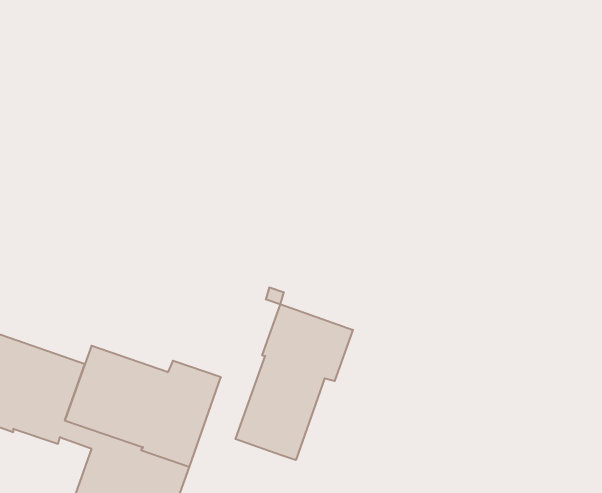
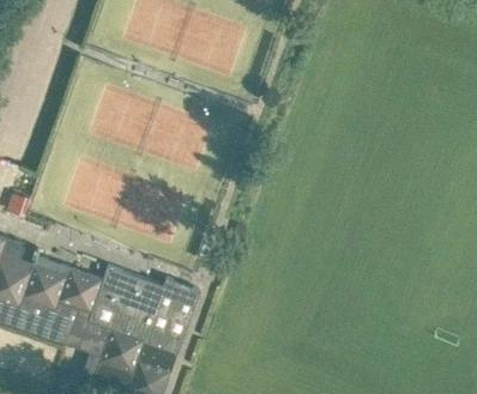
building: [235,304,353,460] -> none

